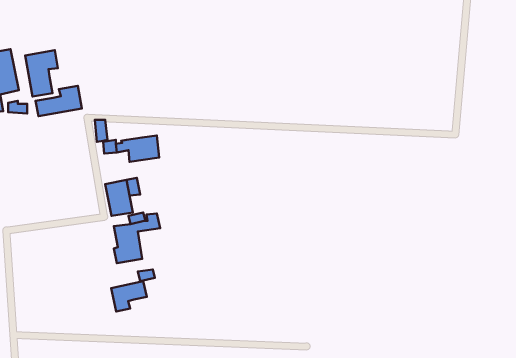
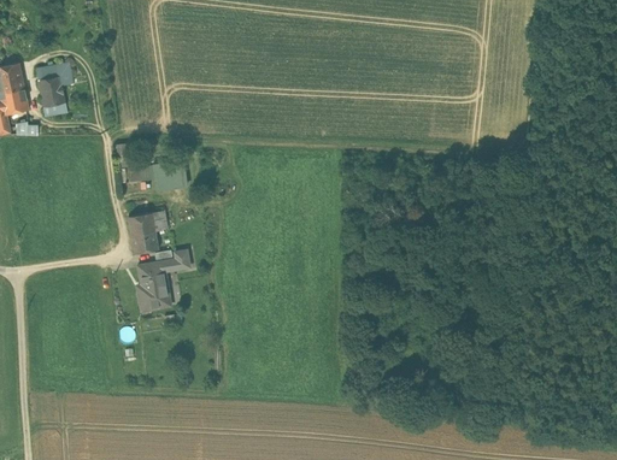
building: [35,86,82,116] -> none
building: [111,281,147,311] -> none

